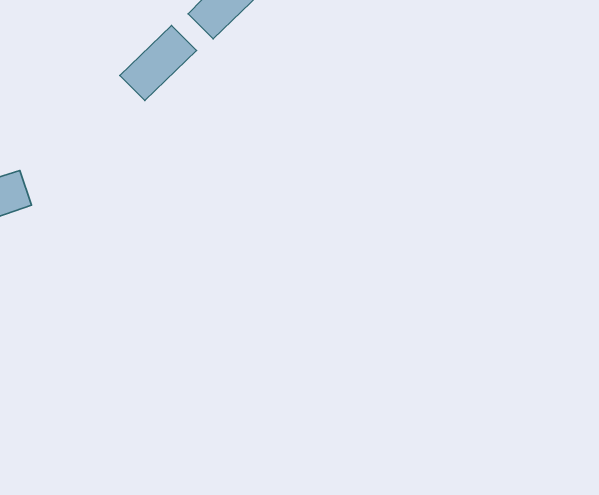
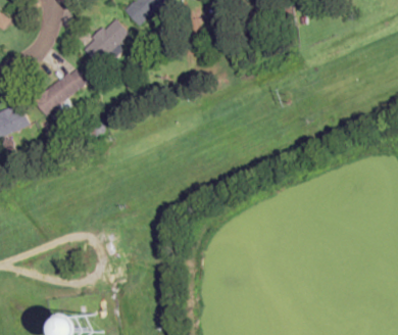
building: none -> [34,67,88,115]

